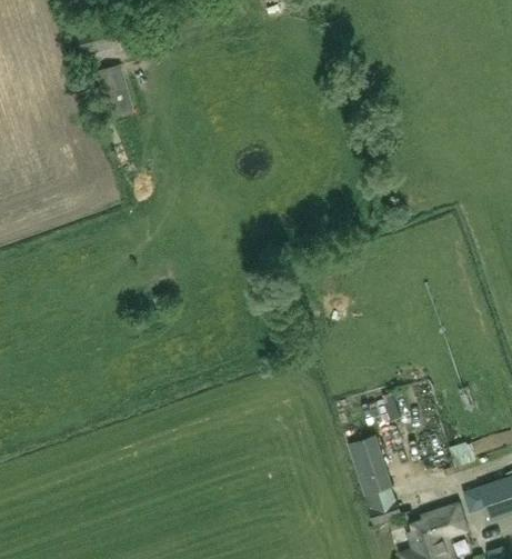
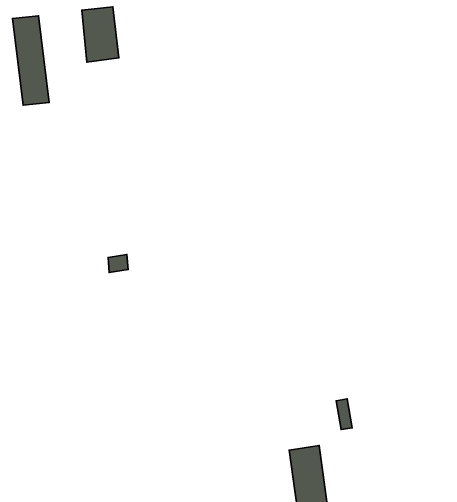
building: none -> [12,16,49,105]

